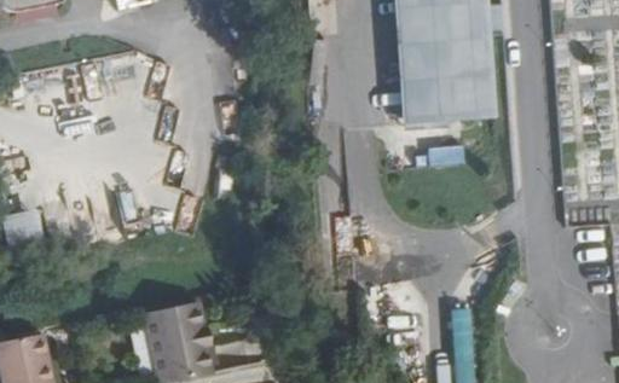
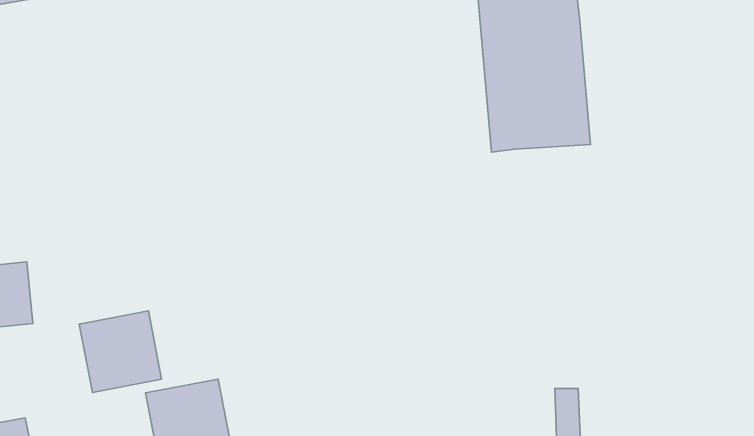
building: none -> [79,311,162,393]

